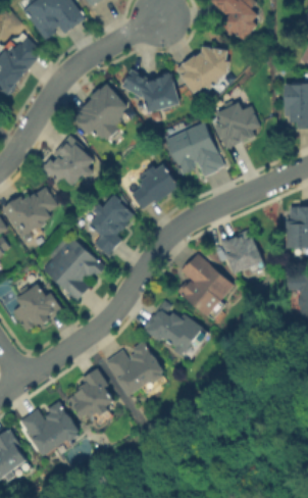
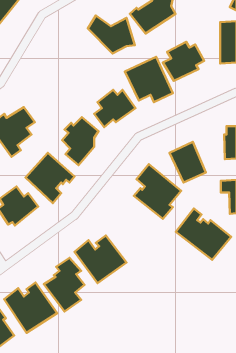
building: [73,83,127,139] -> none
building: [42,136,96,187] -> none
building: [142,301,210,364] -> [176,209,231,260]

